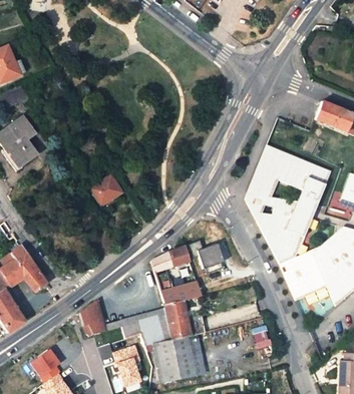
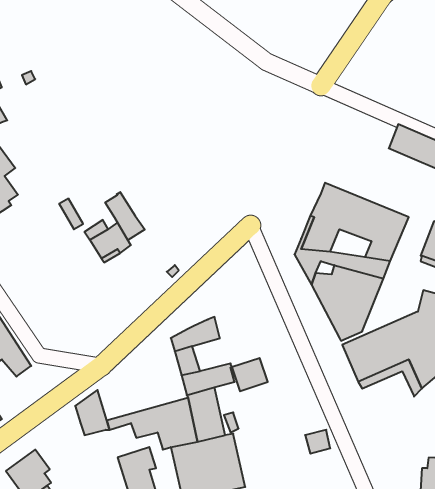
building: none -> [105,192,145,240]
building: [197,242,224,267] -> [232,358,268,391]

